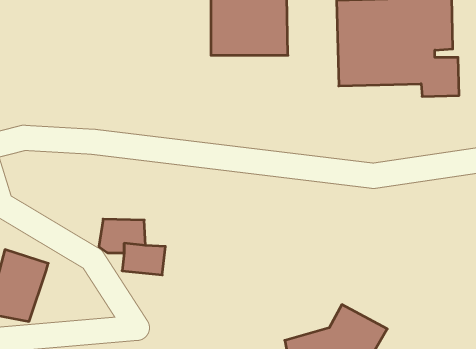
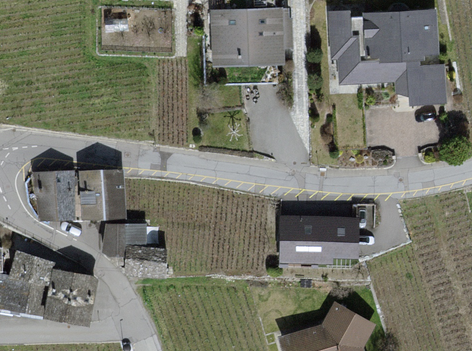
building: none -> [80,166,126,217]
building: none -> [35,167,78,218]
building: none -> [275,213,353,264]
building: none -> [38,270,97,325]

